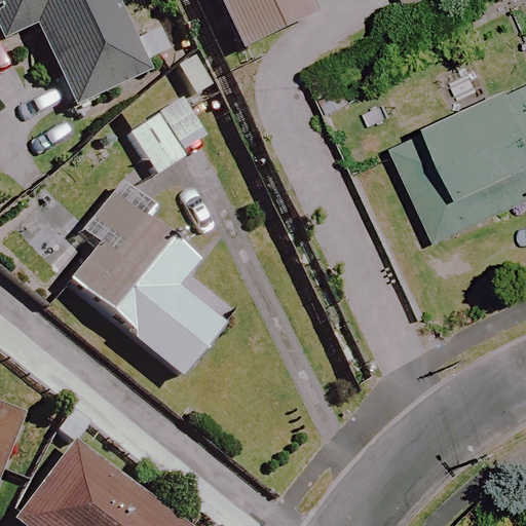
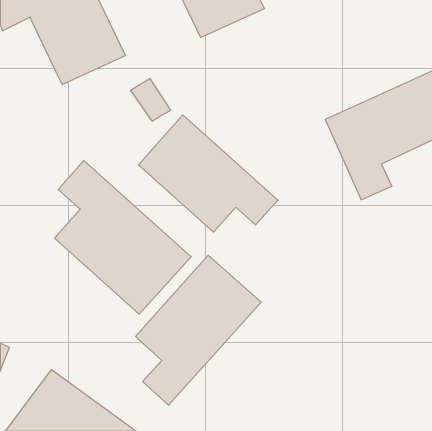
building: none -> [138,115,278,232]
building: none -> [136,255,261,405]

